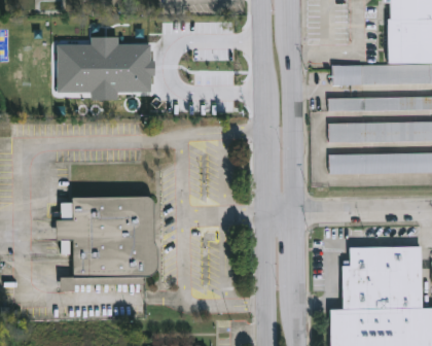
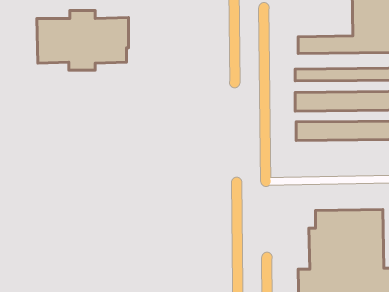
building: [56,198,158,279] -> none

